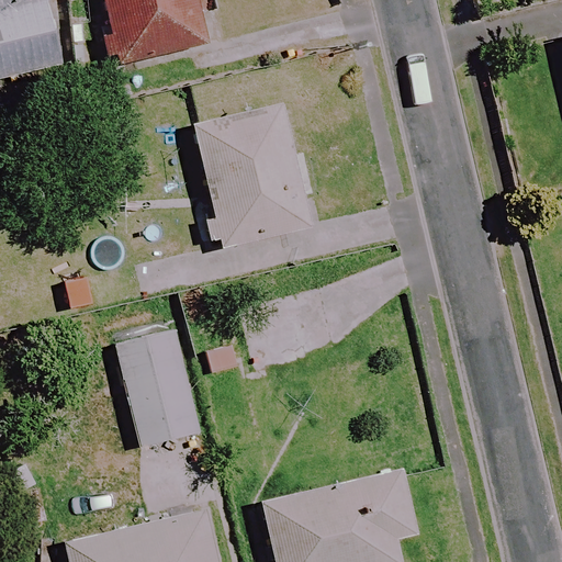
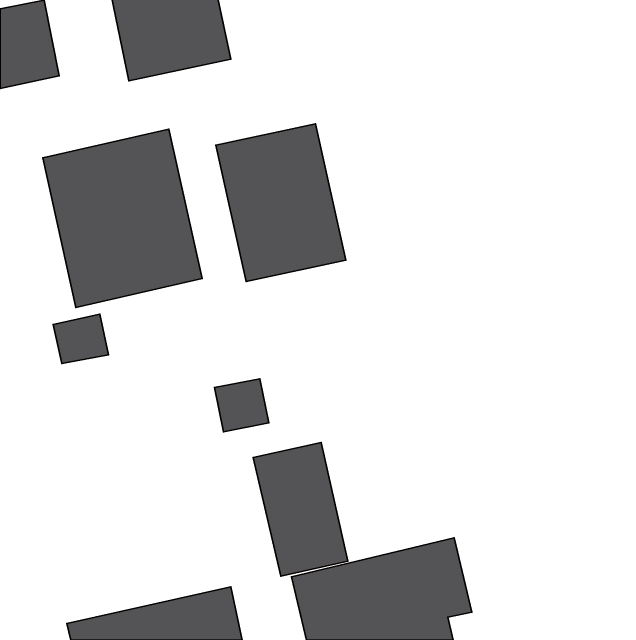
building: none -> [43,129,202,307]
building: [117,329,200,446] -> [253,442,348,576]

